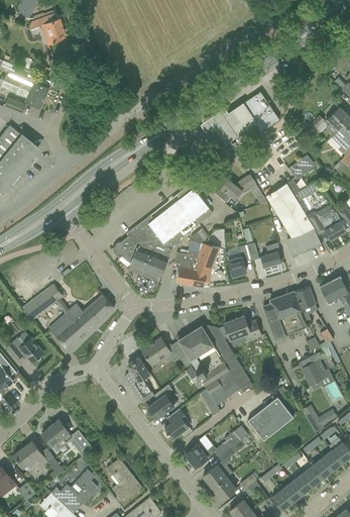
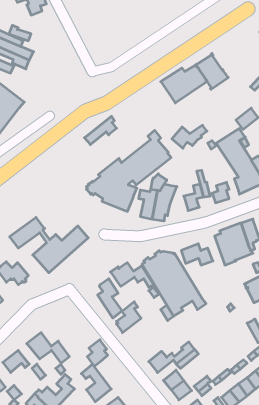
building: none -> [84,116,117,145]
building: [247,398,294,441] -> none
building: [164,409,189,440] -> [87,340,108,366]

